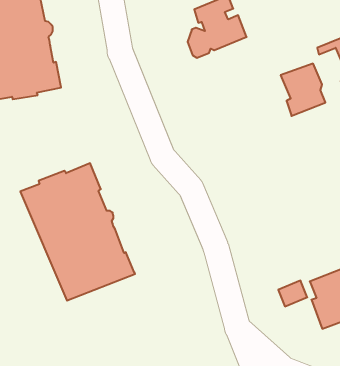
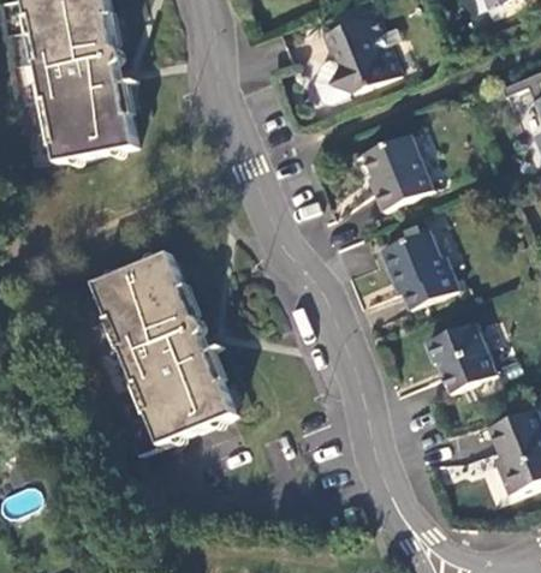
building: [281,64,325,116] -> [364,133,429,209]
building: none -> [381,229,459,308]
building: none -> [428,322,500,392]

